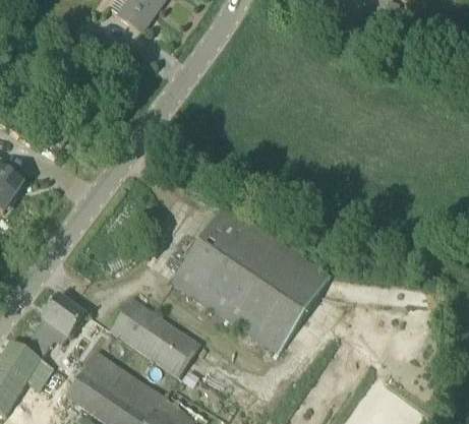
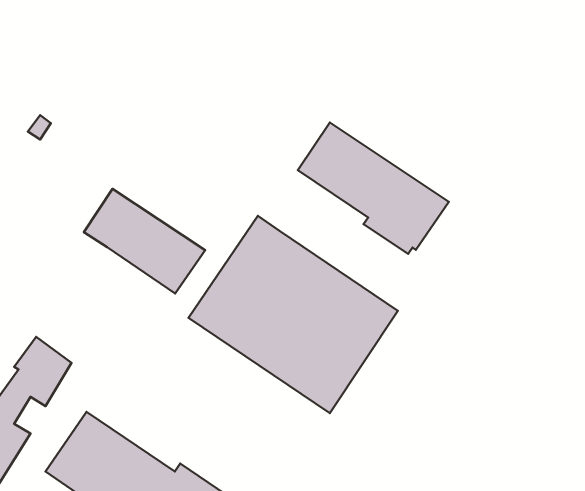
building: none -> [298,123,449,254]
building: [109,297,199,375] -> [84,189,205,294]

